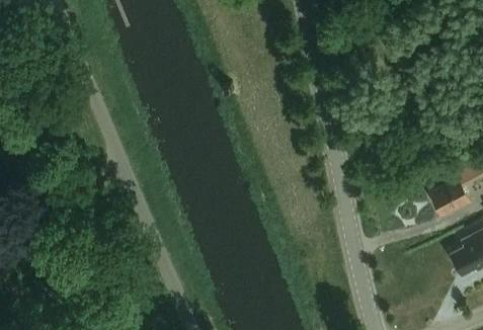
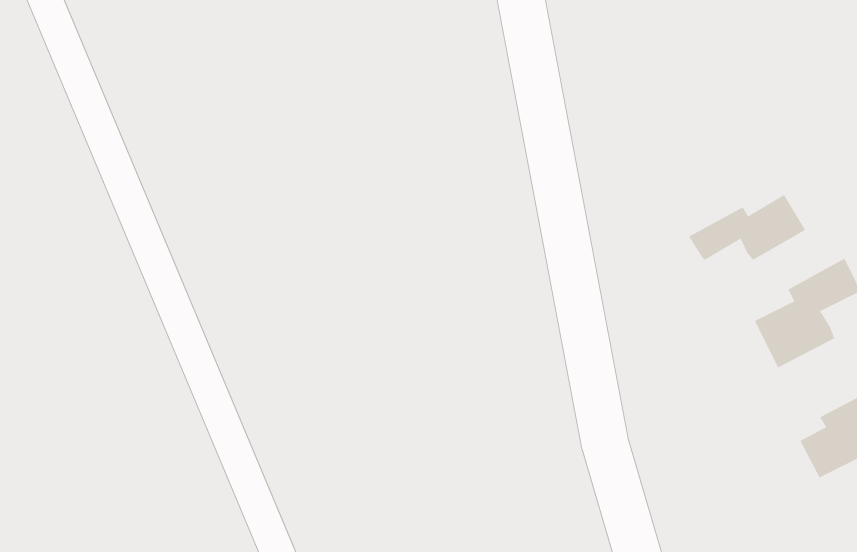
building: none -> [689,194,806,261]

